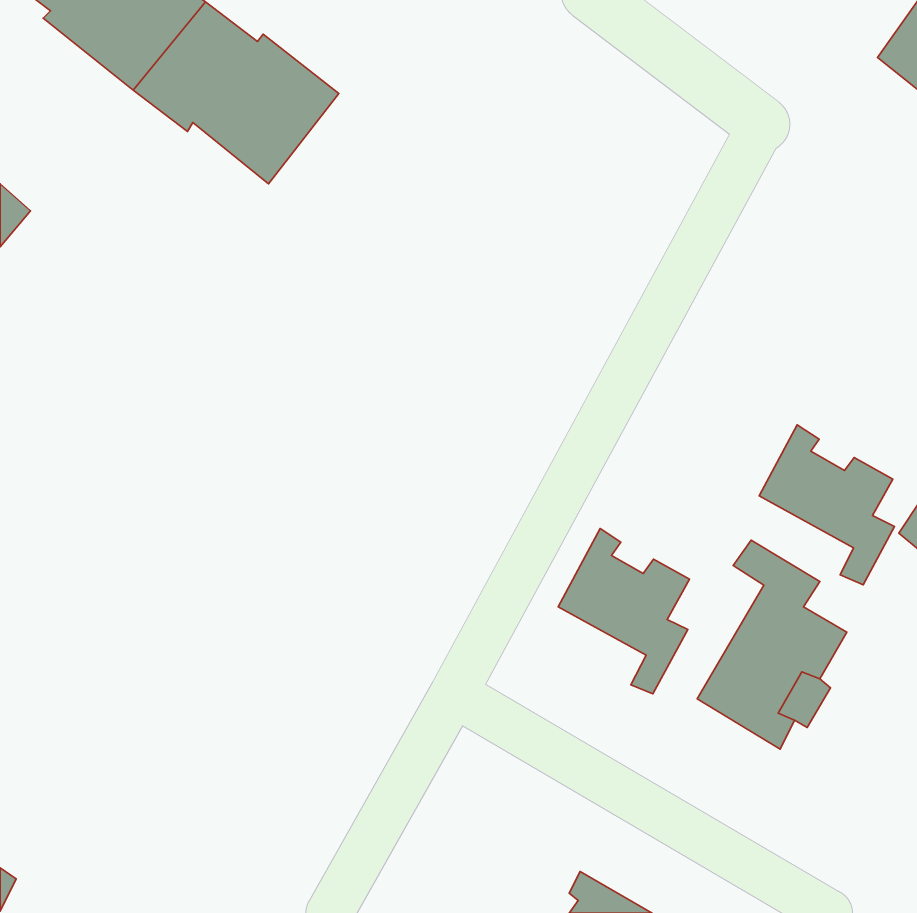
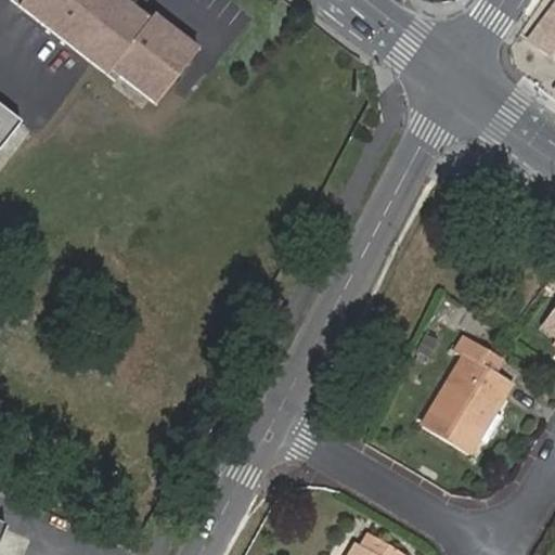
building: [759,425,895,585] -> none
building: [558,529,690,694] -> none

